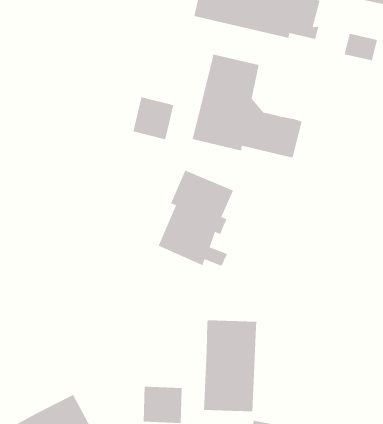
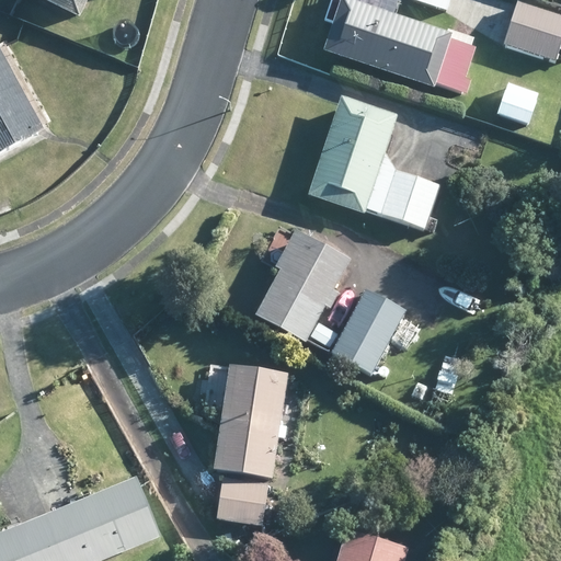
building: [133,97,174,140] -> none
building: none -> [331,288,407,375]
building: [203,320,257,412] -> [214,365,287,478]

